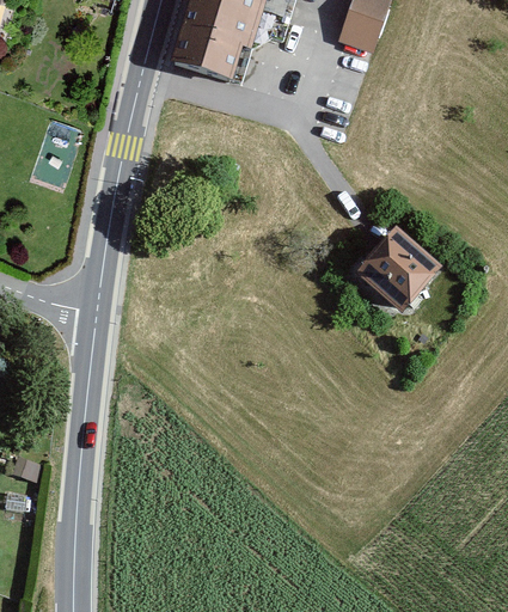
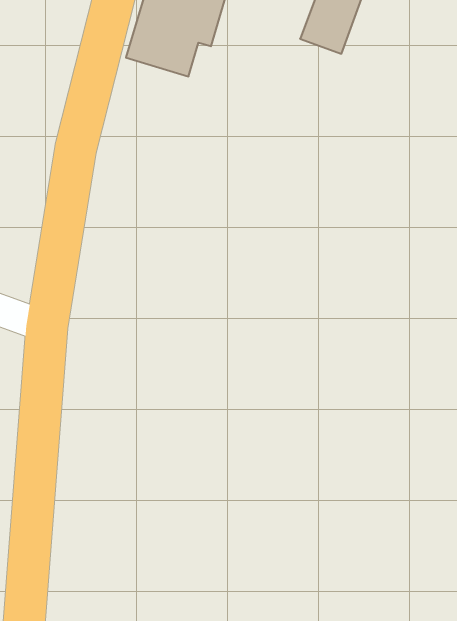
building: [351,222,440,310] -> none

